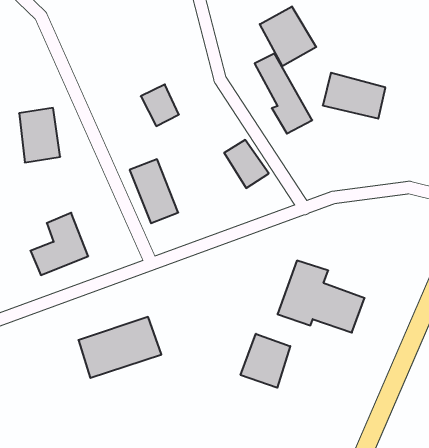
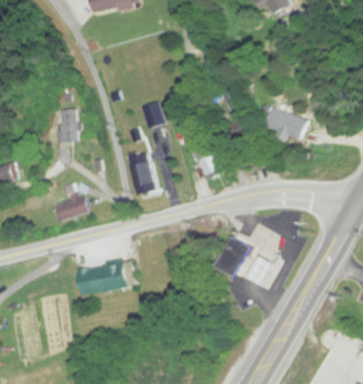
building: [260,6,316,66] -> none
building: [241,334,290,388] -> none

